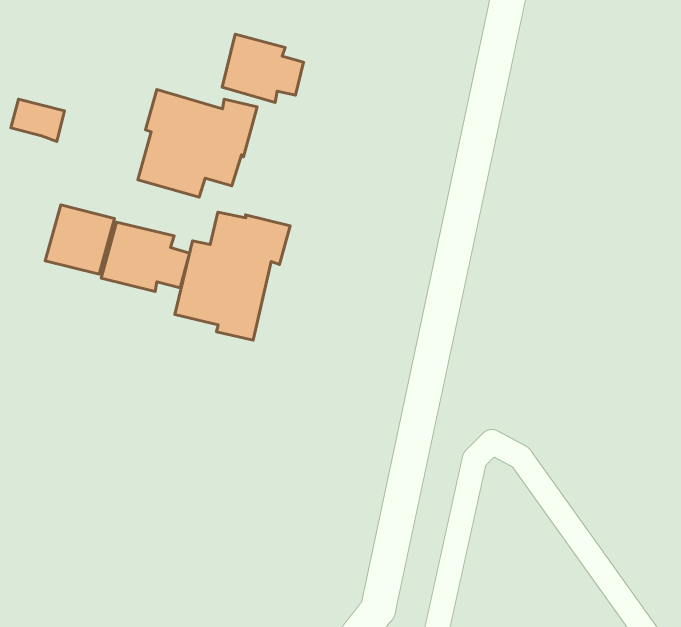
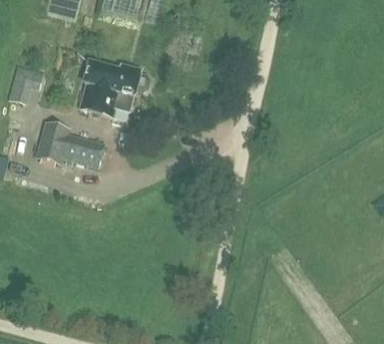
building: [222,34,304,102] -> none
building: [175,212,290,340] -> none

